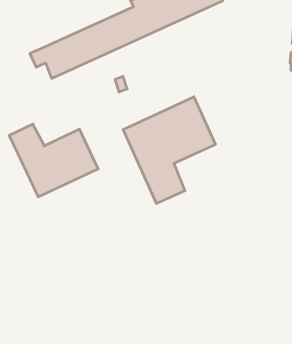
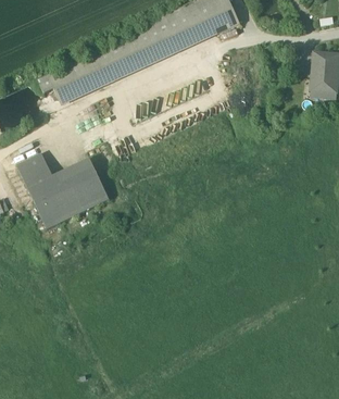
building: [123,97,215,204] -> none

